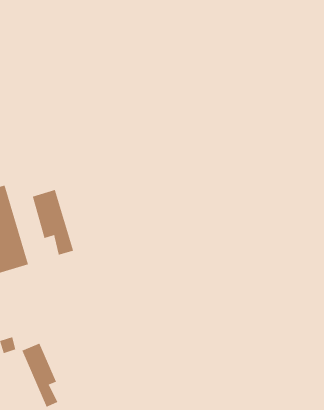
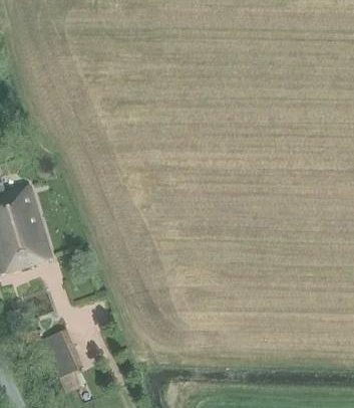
building: [32,189,74,255] -> none

